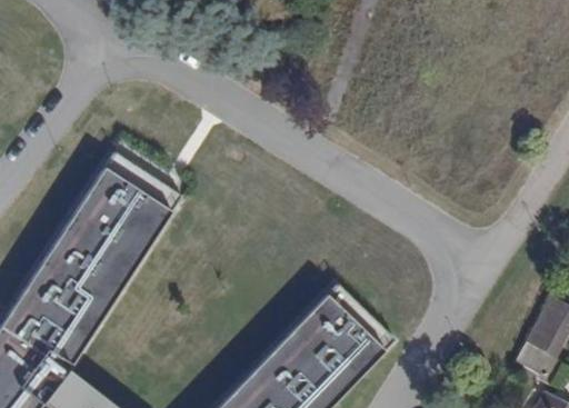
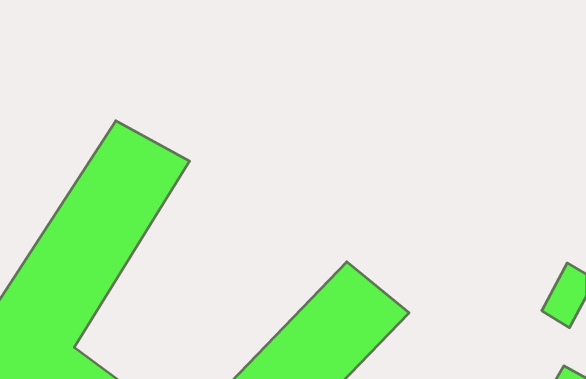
building: [513,337,560,378] -> none

